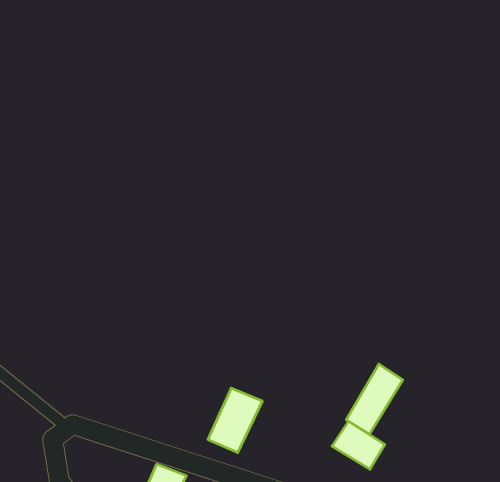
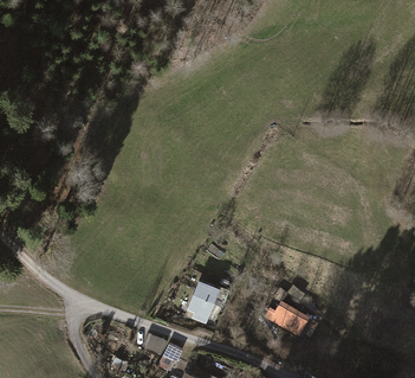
building: [346,364,403,434] -> none

